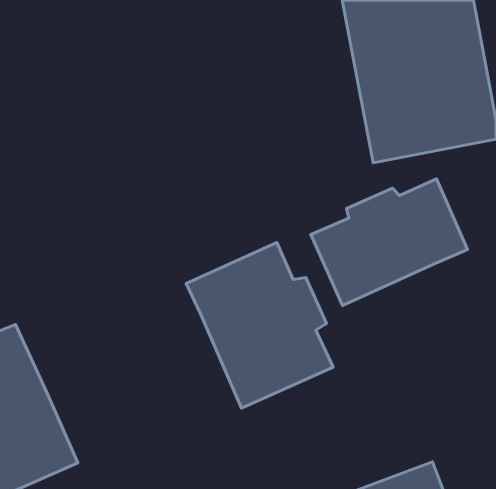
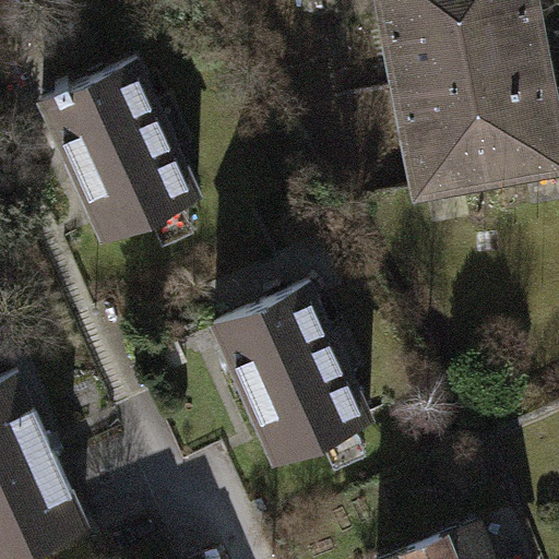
building: none -> [36,58,200,243]
building: [311,179,468,305] -> none

